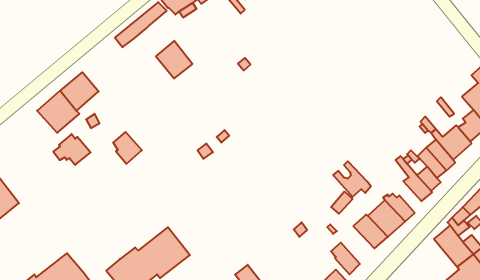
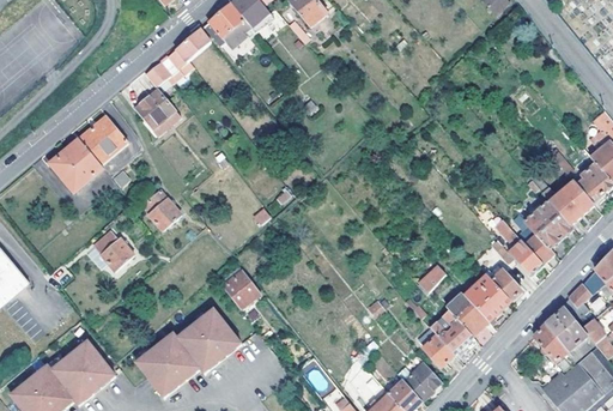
building: [156,41,192,78] -> [135,89,181,135]
building: [53,134,91,165] -> [87,232,134,271]
building: [333,161,371,197] -> [429,310,475,355]
building: none -> [221,270,260,309]
building: none -> [533,324,573,369]

